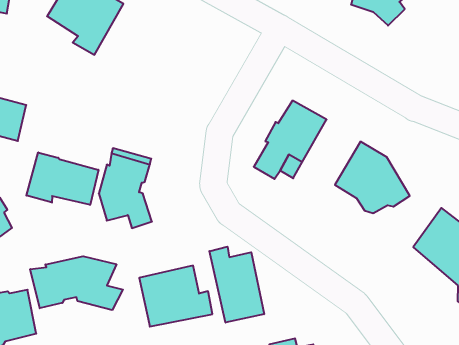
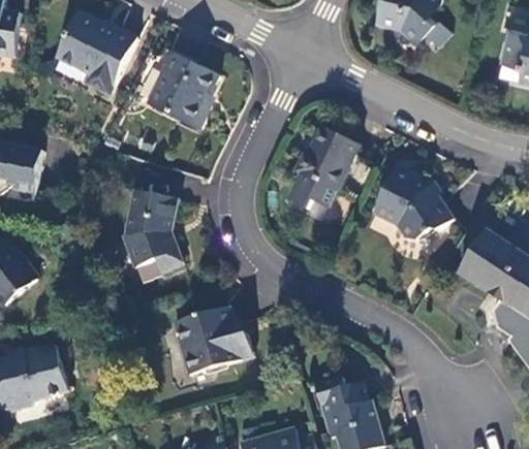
building: none -> [149,54,218,129]
building: [26,152,98,205] -> none
building: [209,247,264,323] -> none
building: [30,256,123,310] -> none

